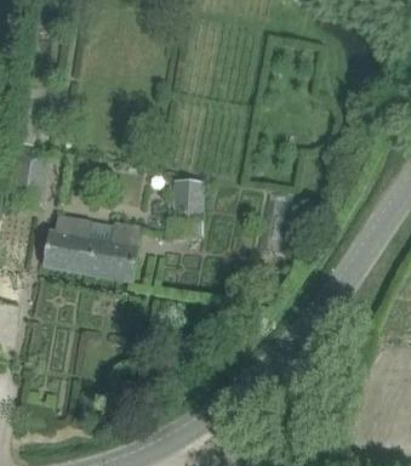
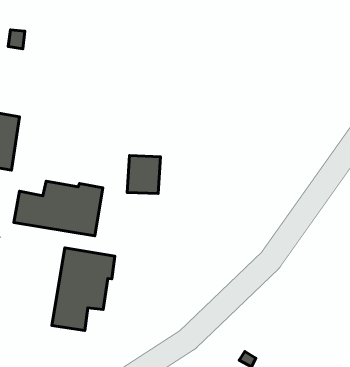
building: none -> [52,248,115,331]

